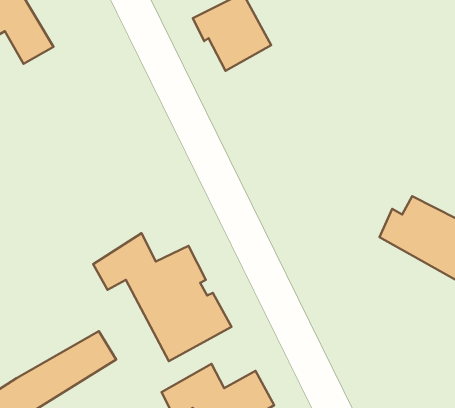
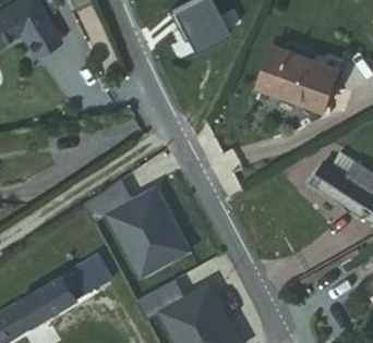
building: none -> [264,46,336,105]

